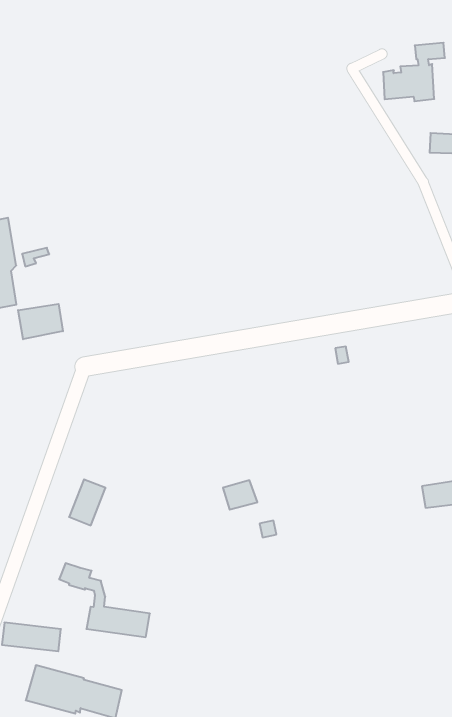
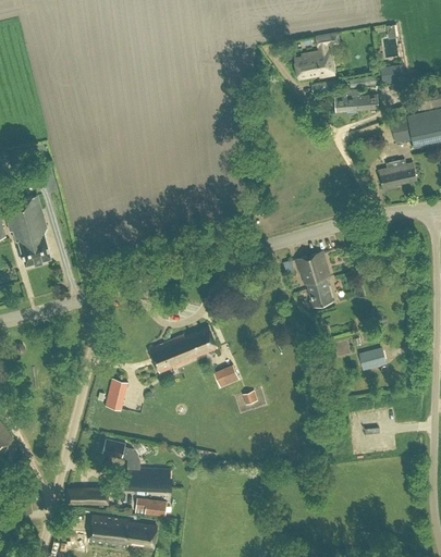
building: [18,304,63,339] -> none
building: none -> [296,251,333,306]
building: none -> [150,330,218,372]
building: none -> [135,497,167,517]

